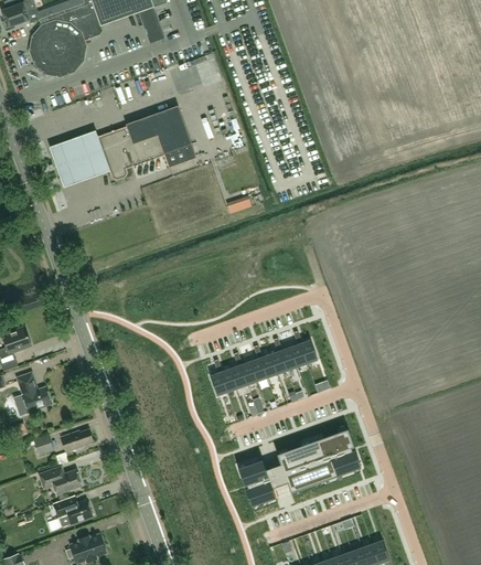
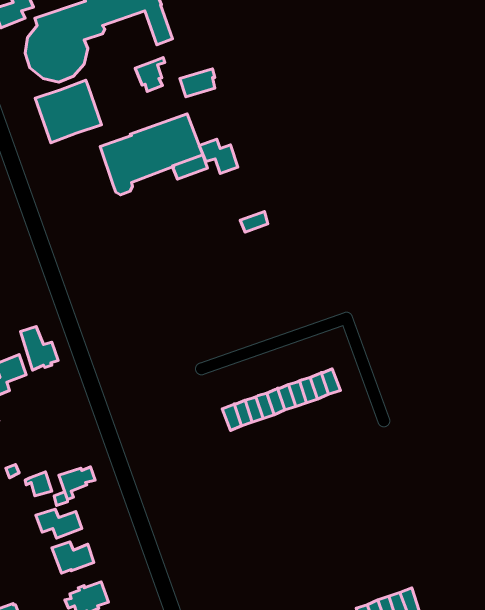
building: none -> [135,58,165,91]
building: none -> [199,139,238,173]
building: [49,130,109,188] -> [35,80,102,143]
building: [17,372,51,412] -> [21,327,58,370]
building: [237,428,360,505] -> none

